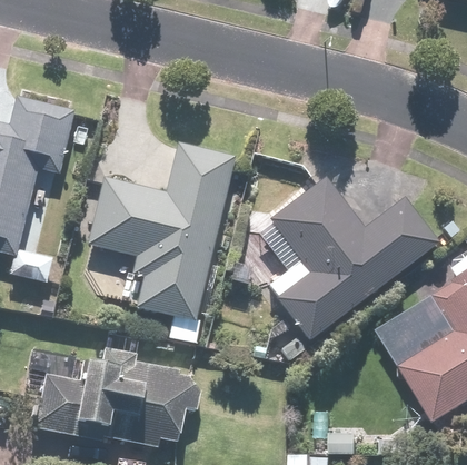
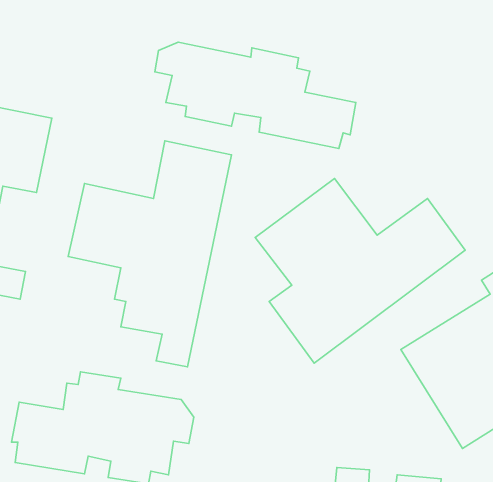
building: none -> [155,42,356,149]

